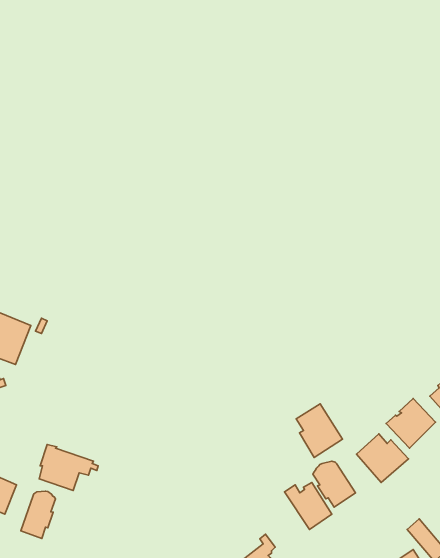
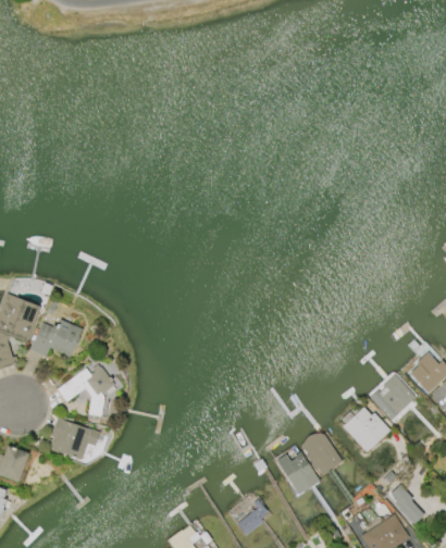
building: none -> [29,321,83,358]
building: none -> [58,365,114,420]
building: [296,404,343,457] -> none
building: [21,491,56,539] -> none

